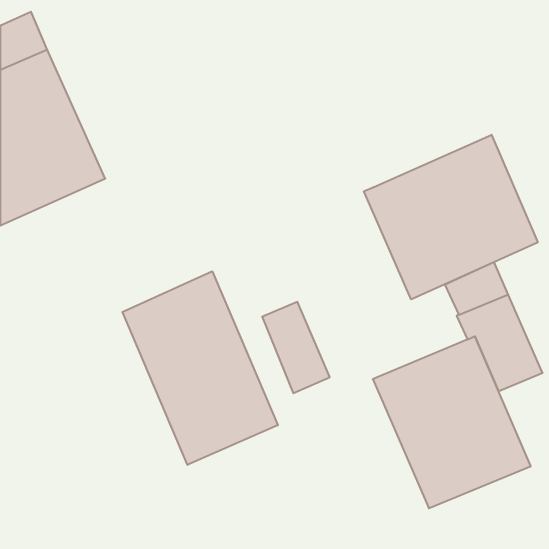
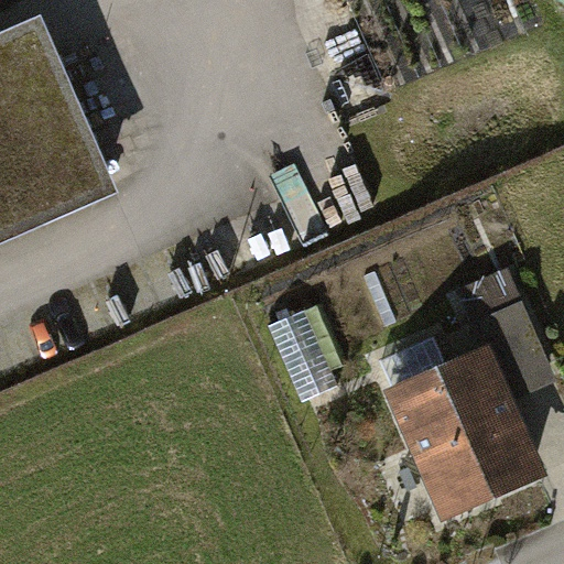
building: [364,135,538,299] -> none
building: [122,271,278,465] -> none

